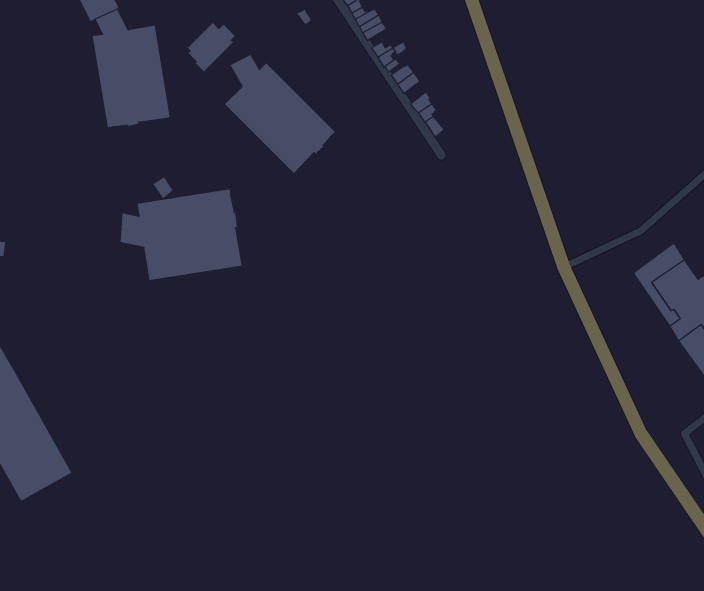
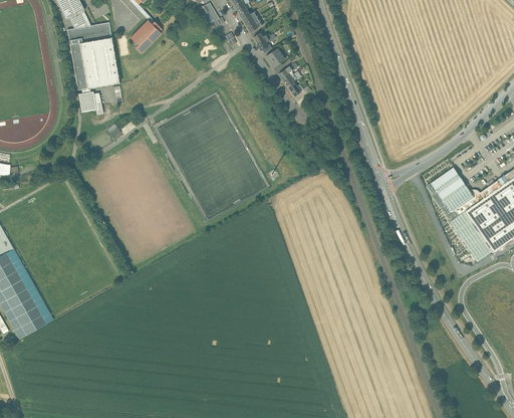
building: [224,54,336,174] -> none
building: none -> [78,88,103,115]
building: [120,189,242,281] -> none

